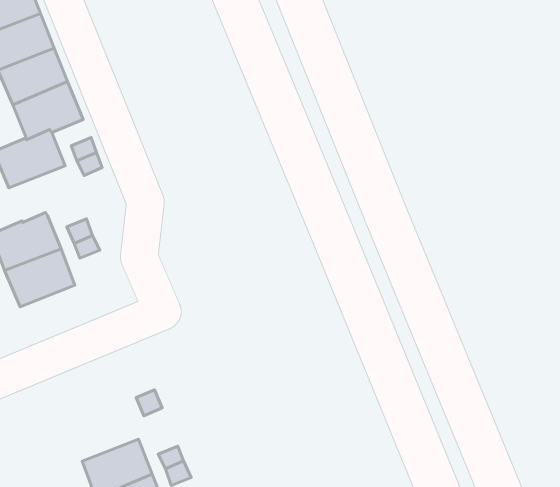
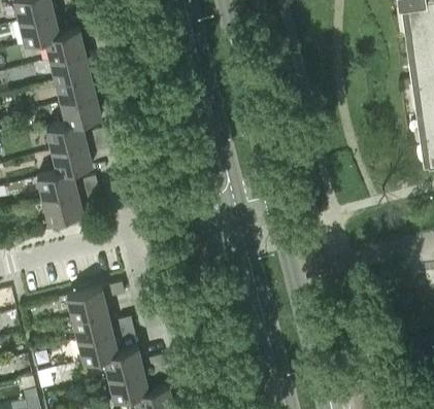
building: none -> [52,143,92,173]
building: none -> [66,287,107,318]

